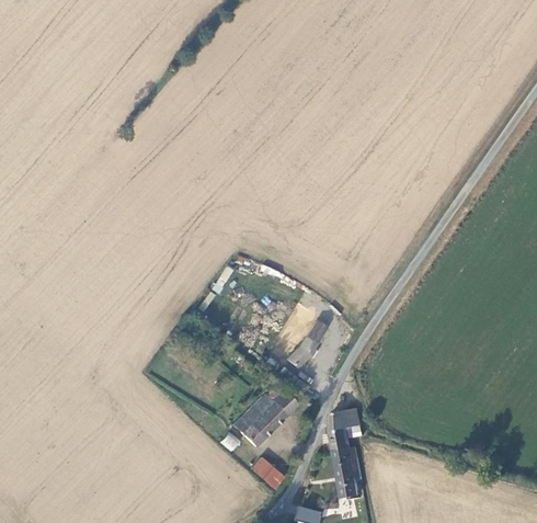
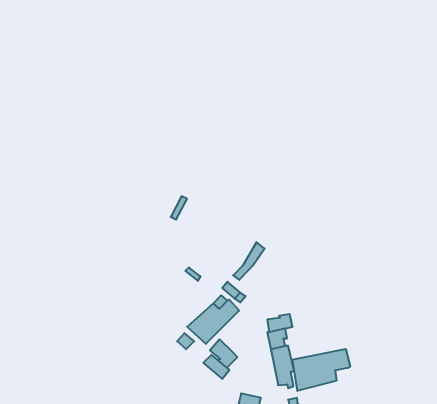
building: none -> [210,339,237,368]
building: none -> [293,349,350,391]

